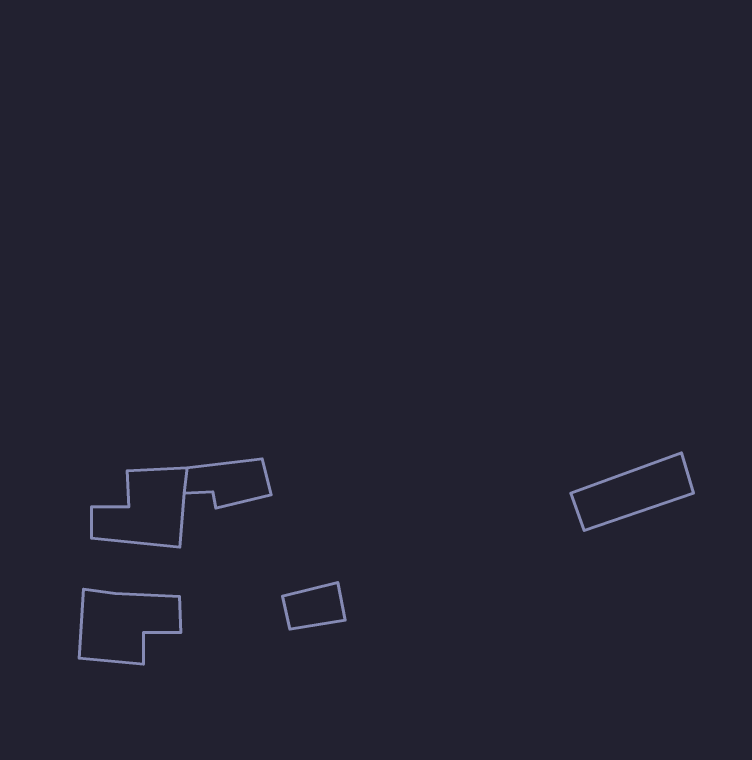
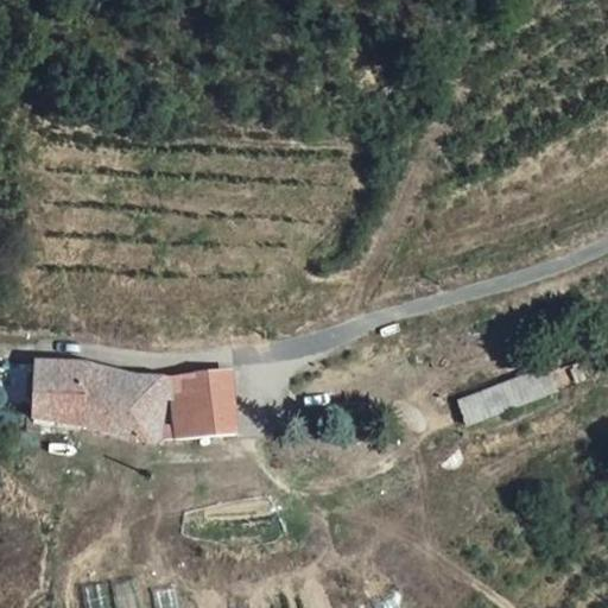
building: [282,583,345,629] -> [182,392,232,429]
building: [79,589,181,664] -> [32,367,113,426]

